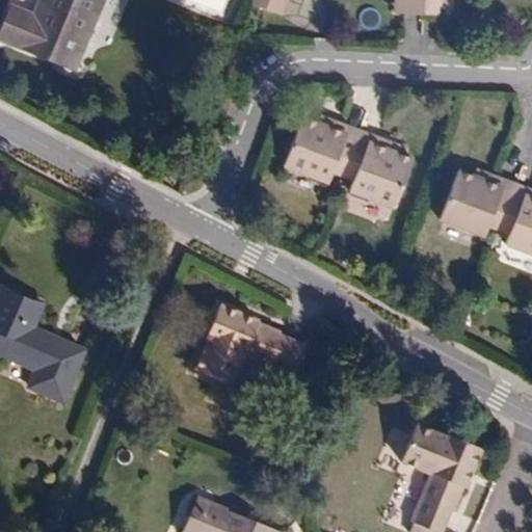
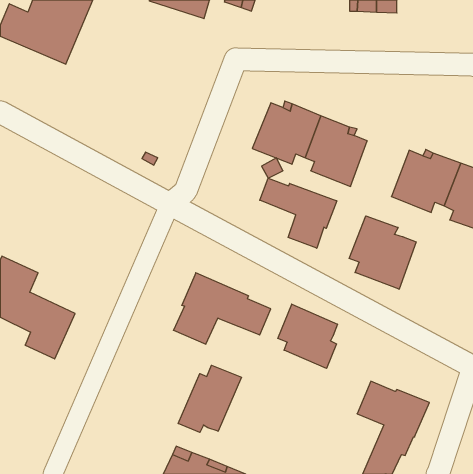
building: none -> [260,178,337,248]
building: none -> [349,216,416,289]
building: none -> [278,304,337,368]
building: none -> [178,365,242,432]

